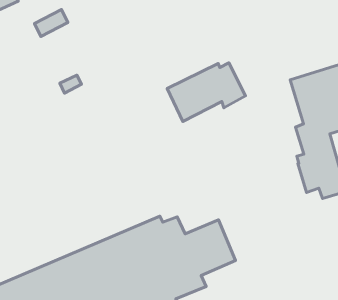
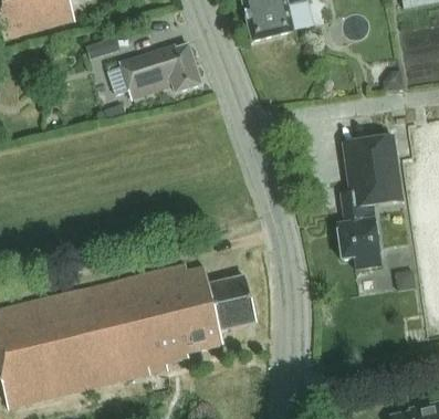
building: [167,63,246,122] -> [121,44,200,98]

